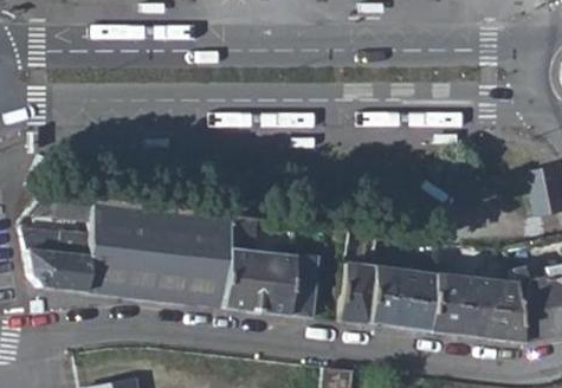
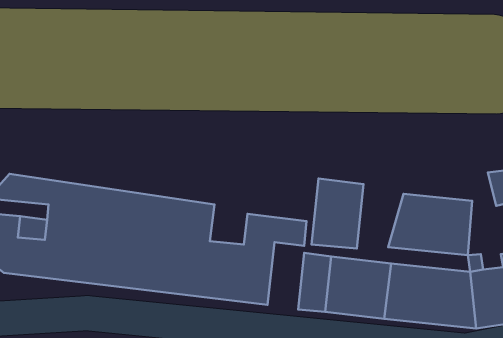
building: none -> [312,179,363,249]
building: none -> [388,194,472,255]

